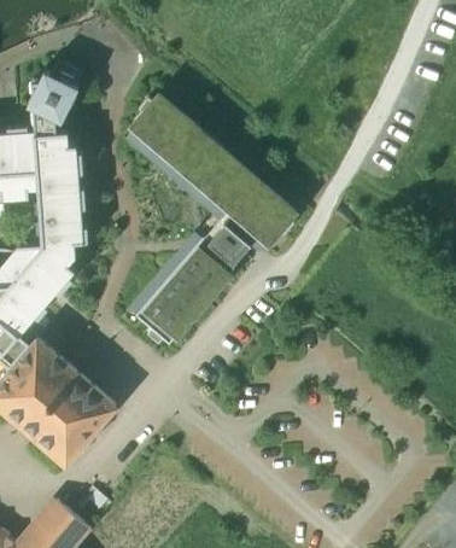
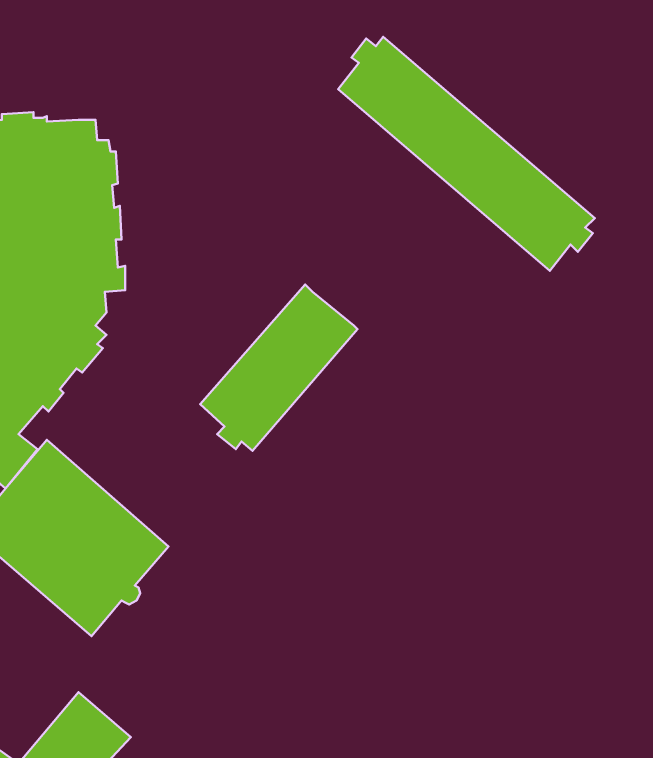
building: [28,71,80,133] -> none
building: [130,97,296,247] -> [338,37,595,271]
building: [209,223,252,264] -> none

